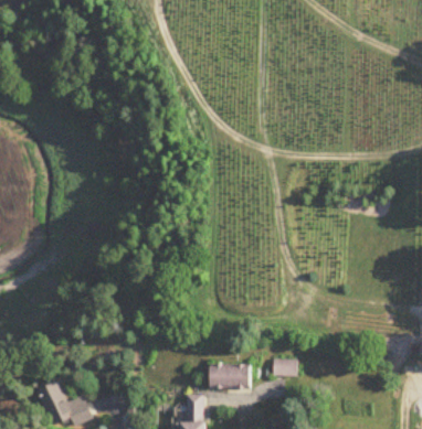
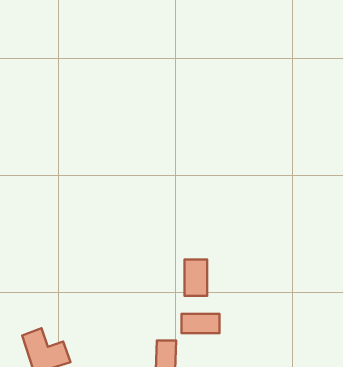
building: none -> [184,259,207,296]
building: [273,357,297,375] -> none

